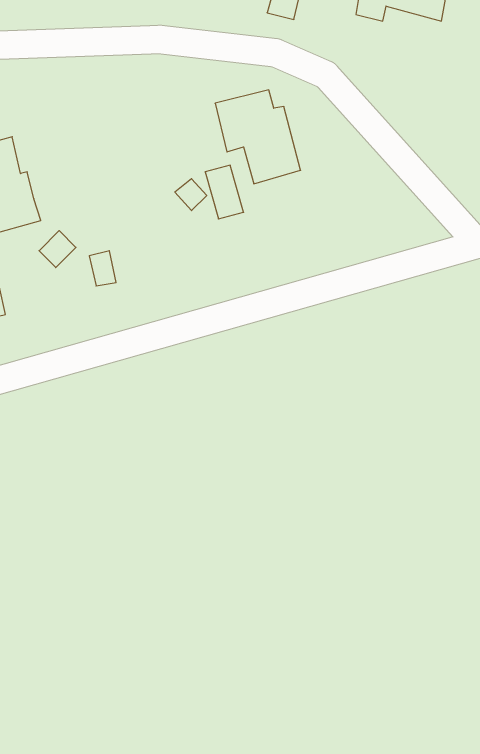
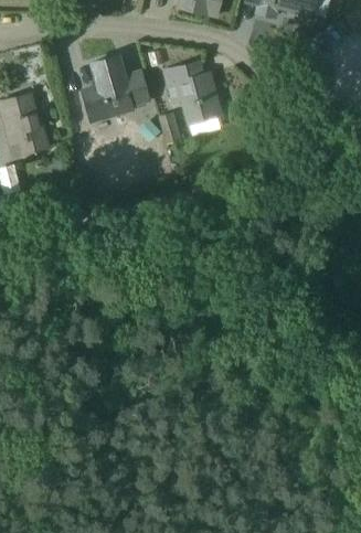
building: none -> [82,55,148,121]

